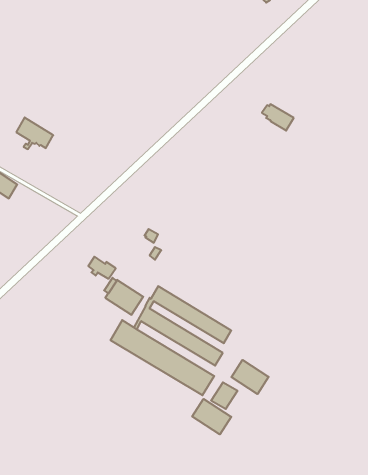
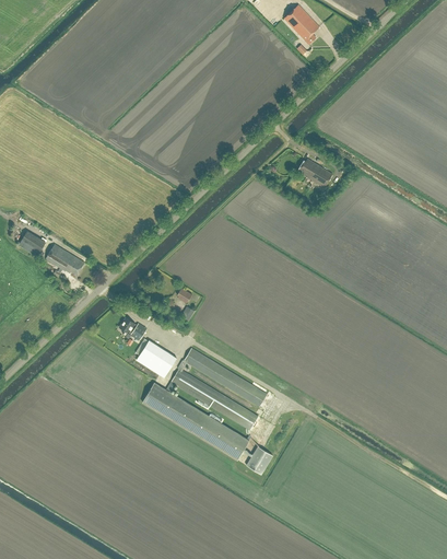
building: [16,117,53,149] -> [46,242,84,275]
building: [231,360,269,394] -> none
building: [192,399,231,434] -> none

